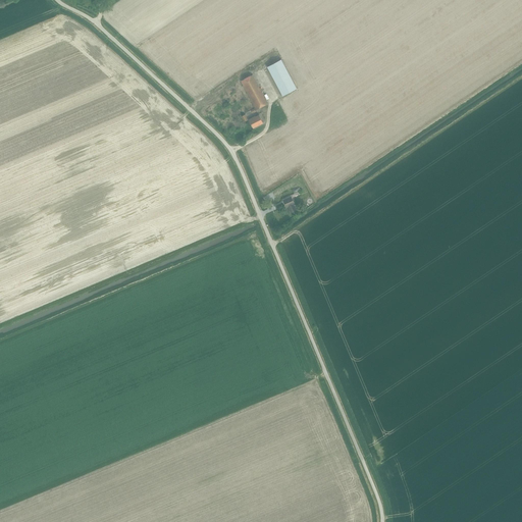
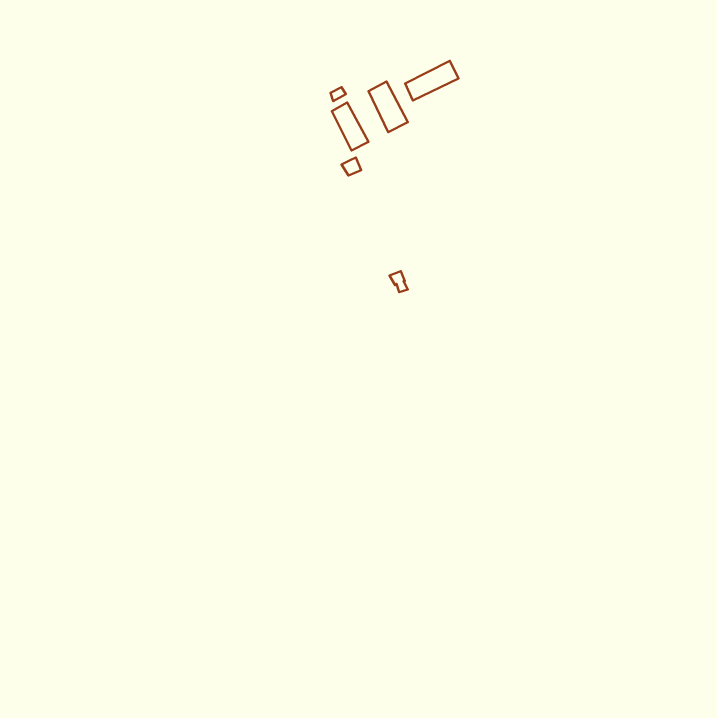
building: none -> [405,61,459,101]

